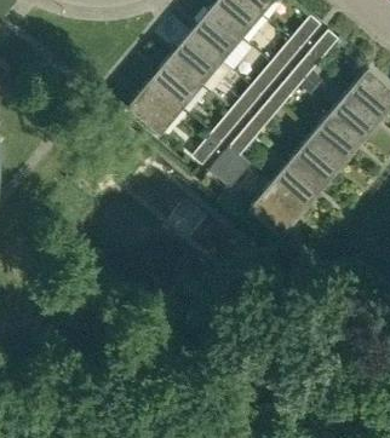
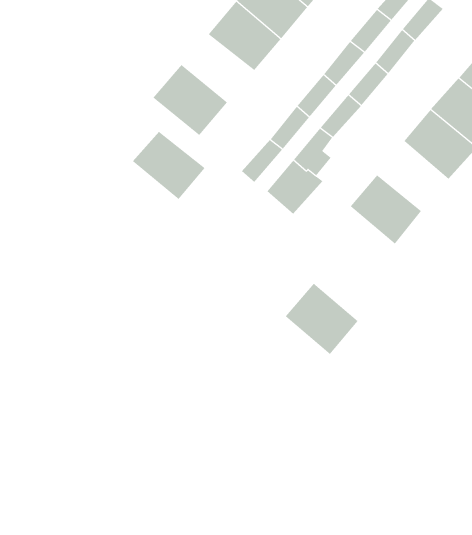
building: [149,59,202,109] -> [132,131,206,200]
building: [291,137,343,188] -> none
building: [251,184,304,236] -> [285,283,358,355]

